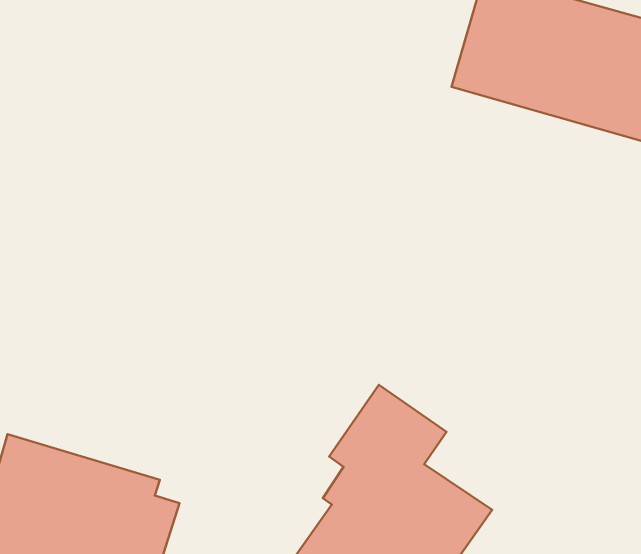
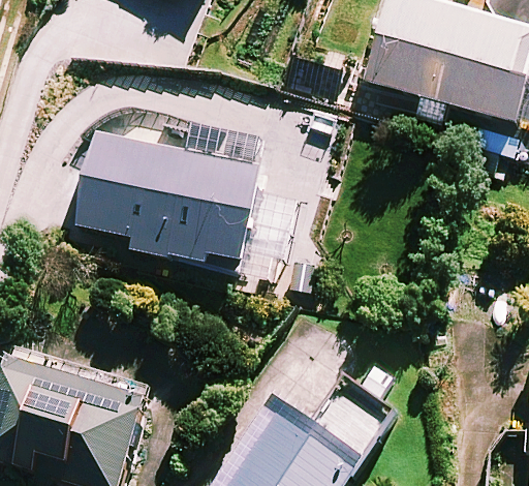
building: none -> [73,128,262,270]

